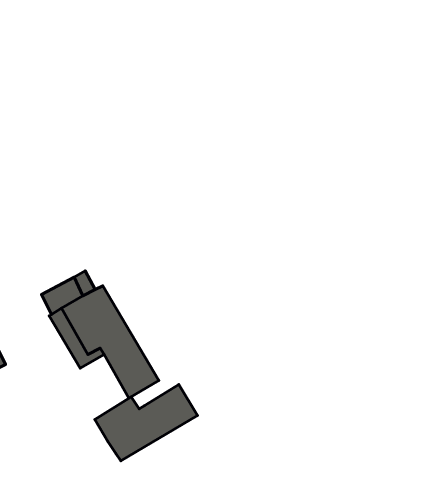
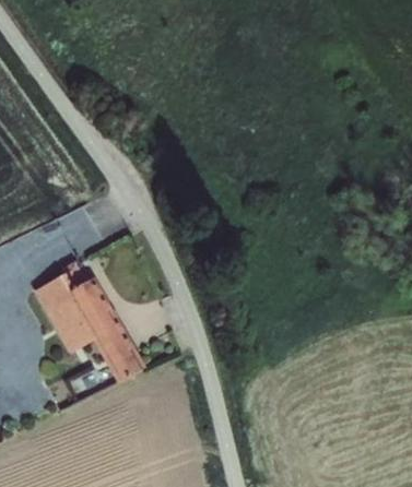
building: [95,384,198,461] -> none

